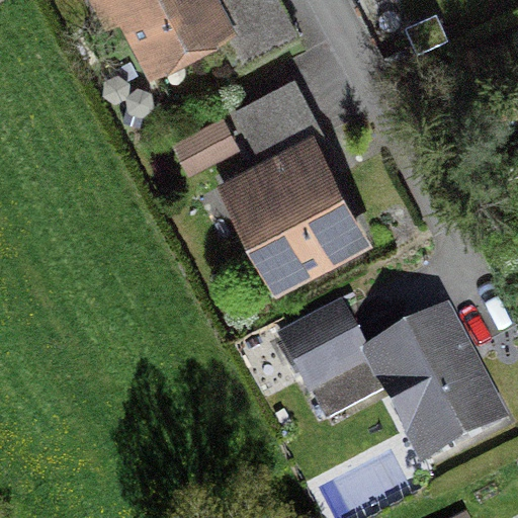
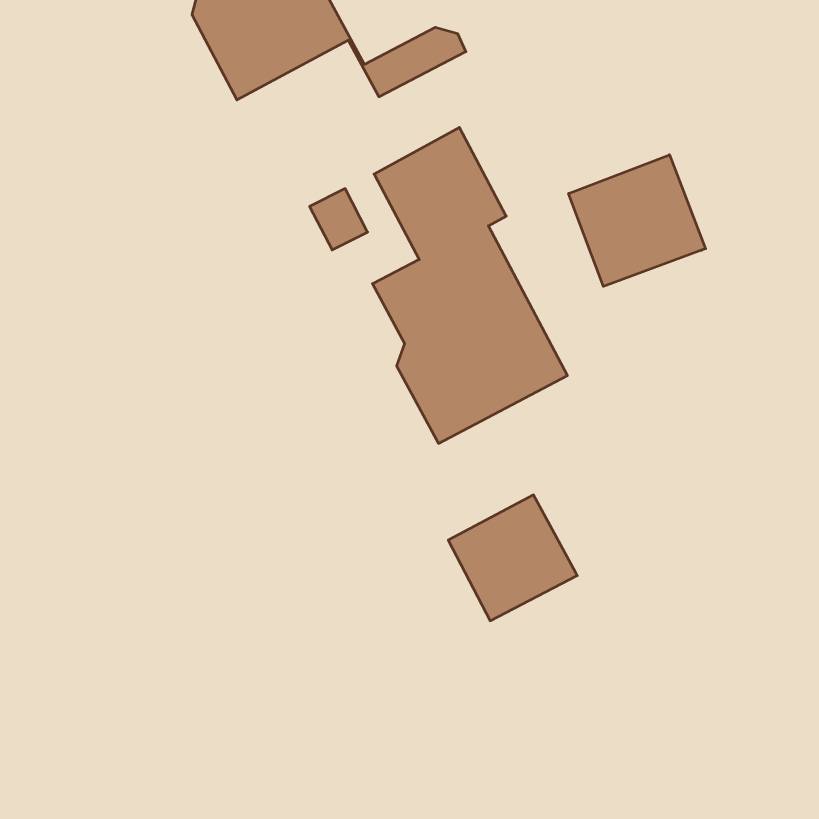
building: none -> [569,155,706,286]
building: [371,318,495,454] -> none

